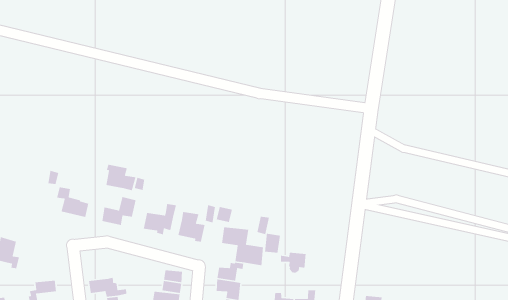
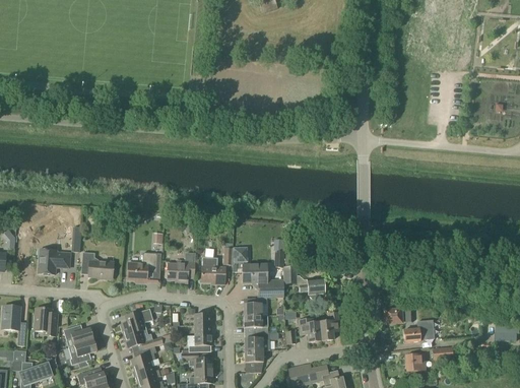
building: [106,164,136,191] -> none
building: none -> [39,249,70,273]
building: none -> [121,308,153,335]
building: none -> [64,324,93,344]

